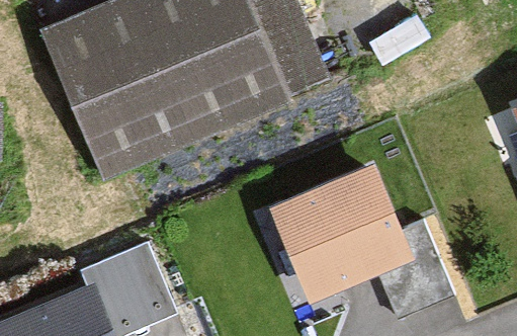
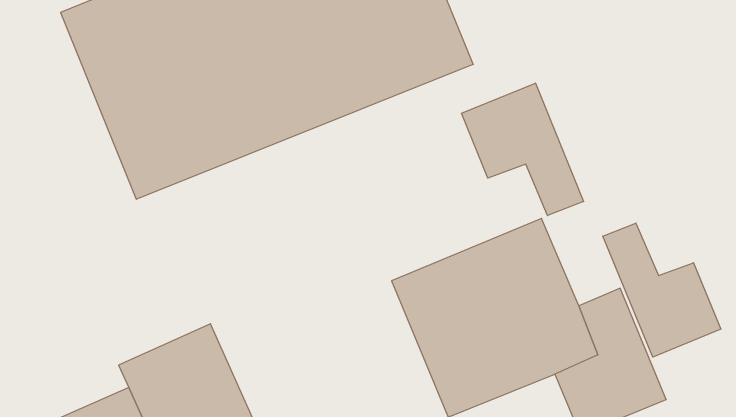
building: none -> [461,83,584,216]
building: none -> [603,223,721,357]

